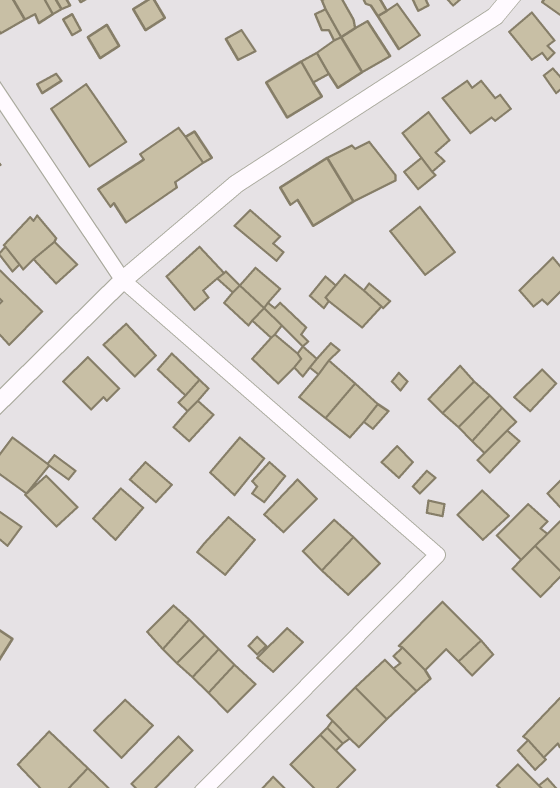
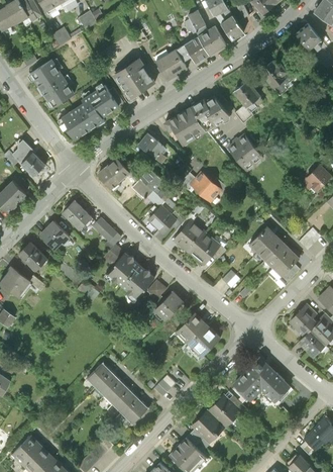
building: none -> [112,57,155,101]
building: [25,476,77,526] -> [18,243,48,272]
building: [93,488,143,540] -> none
building: [458,491,509,540] -> none
building: [197,517,255,575] -> [107,253,140,286]
building: [94,700,153,758] -> none

